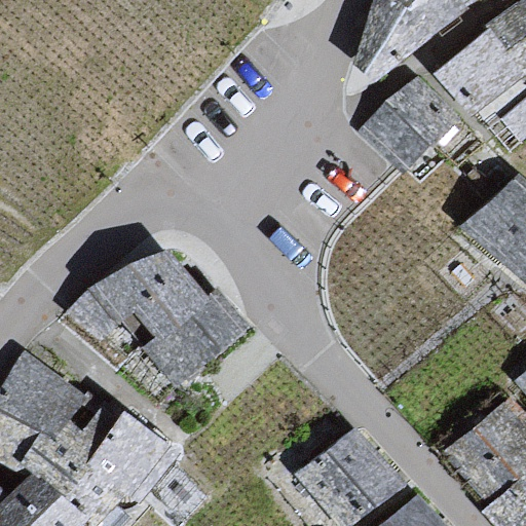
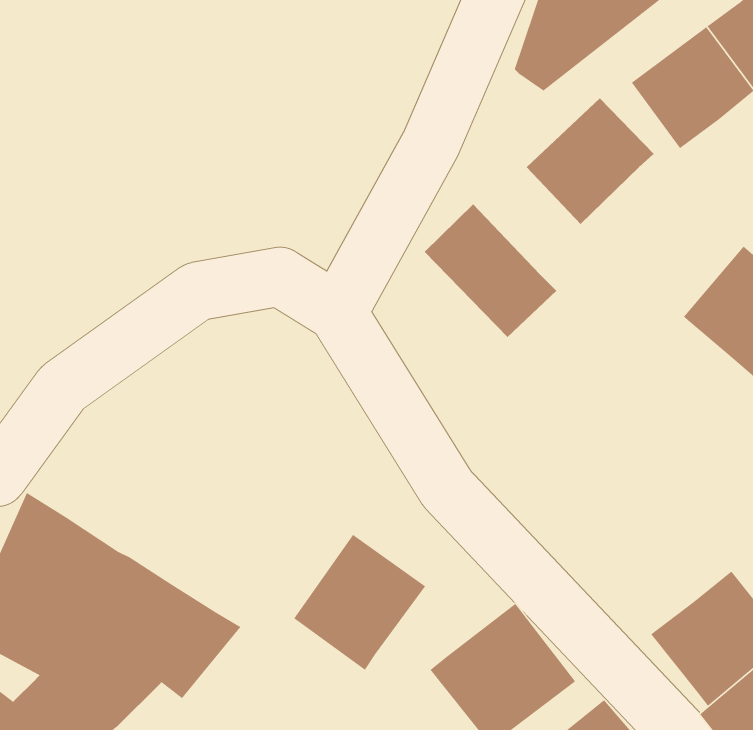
building: none -> [424,203,557,338]
building: [68,256,245,383] -> none
building: none -> [293,534,426,671]

